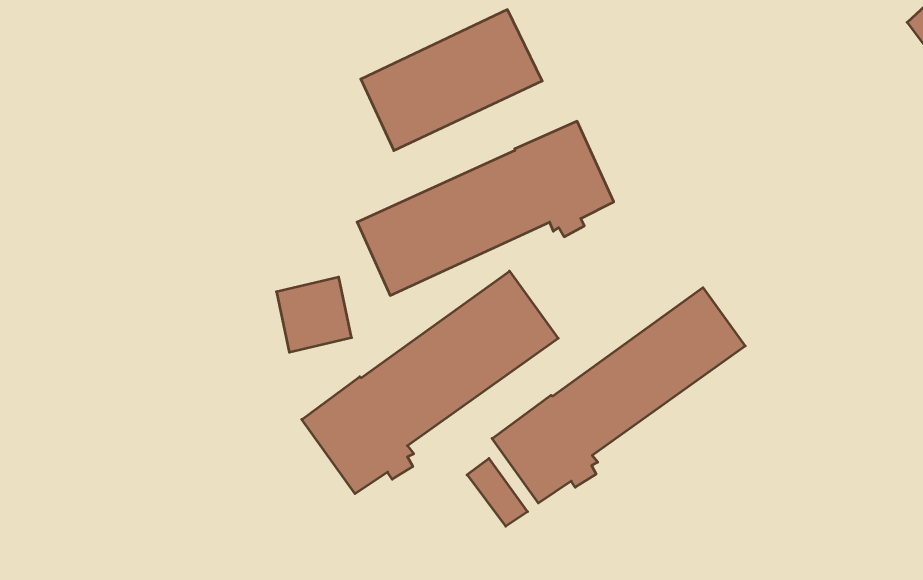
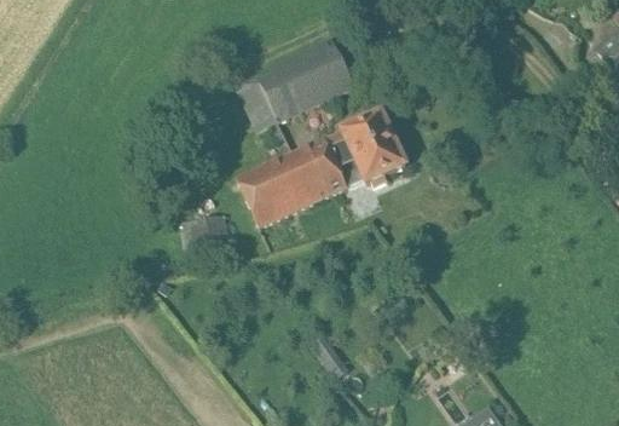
building: [302,271,558,494] -> none
building: [492,288,745,503] -> none

